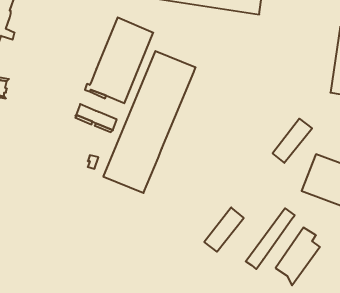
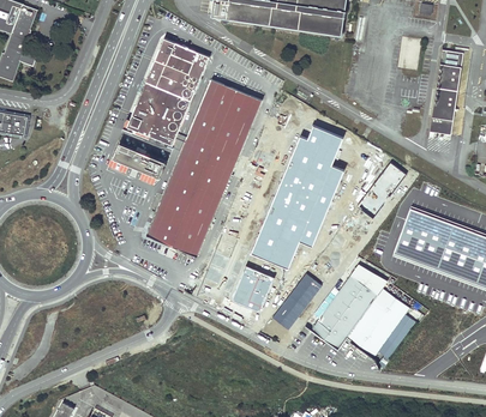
building: none -> [252,126,344,268]
building: none -> [310,264,373,340]
building: none -> [232,266,275,312]
building: none -> [346,288,396,349]

